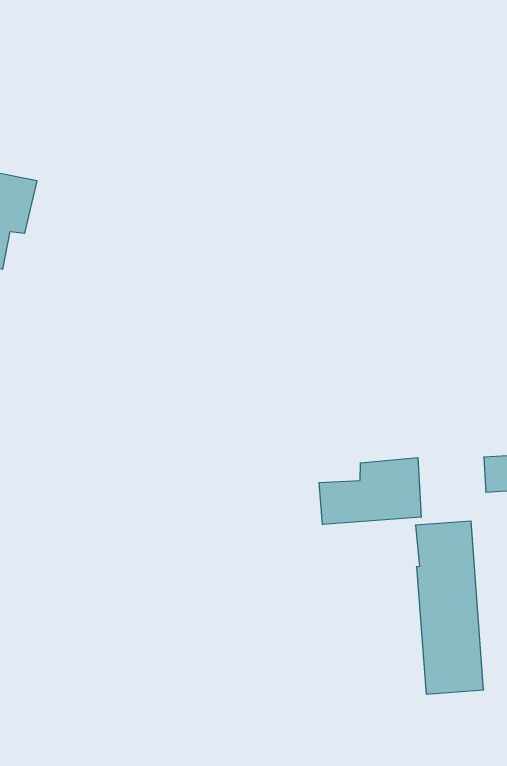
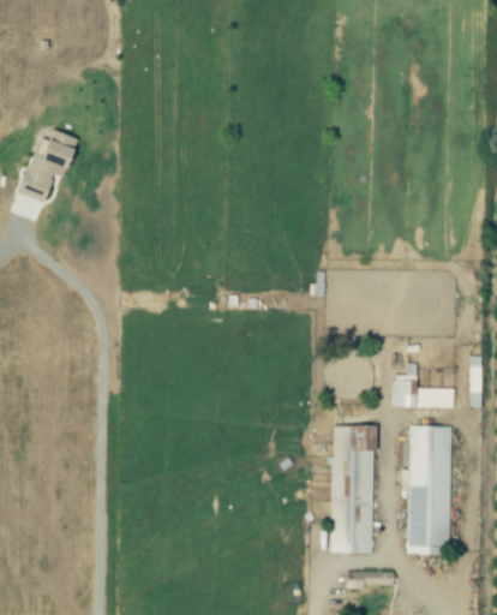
building: [319,458,421,525] -> none

